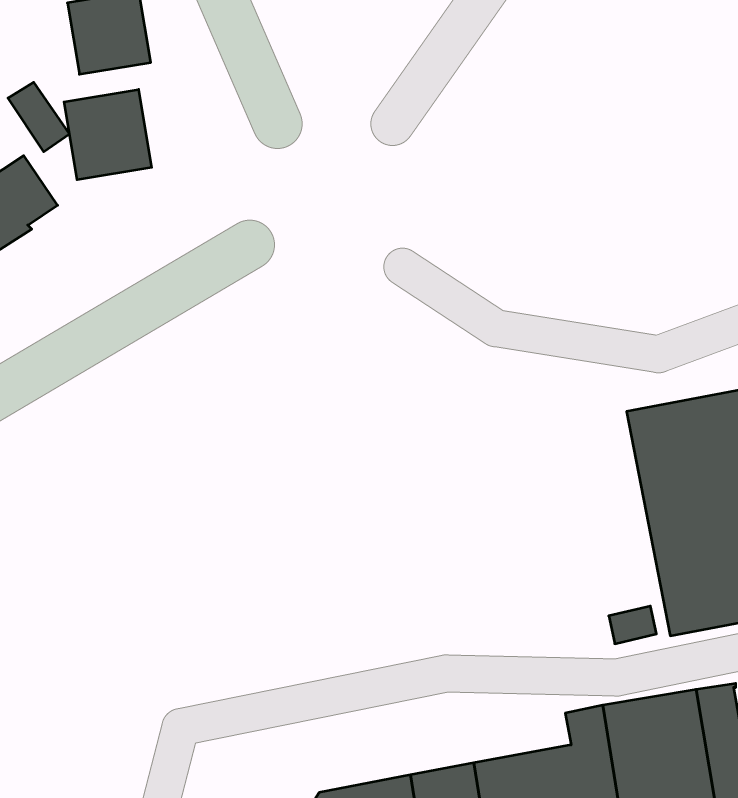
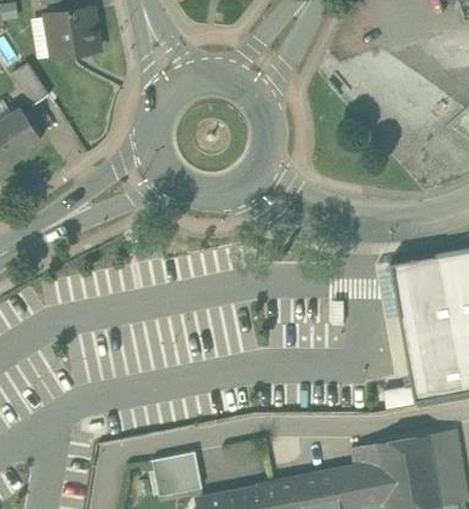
building: [64,89,152,180] -> none
building: none -> [148,448,200,493]

